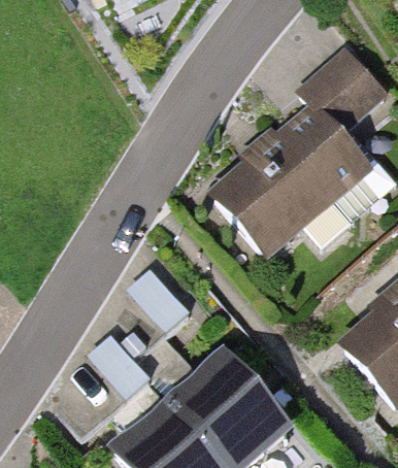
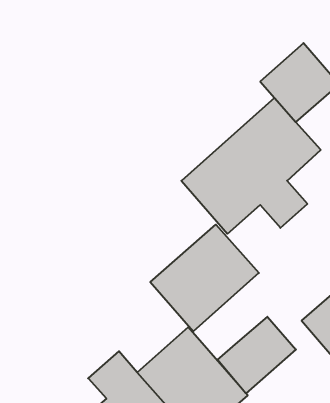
building: none -> [150,225,259,331]
building: none -> [218,317,296,393]

